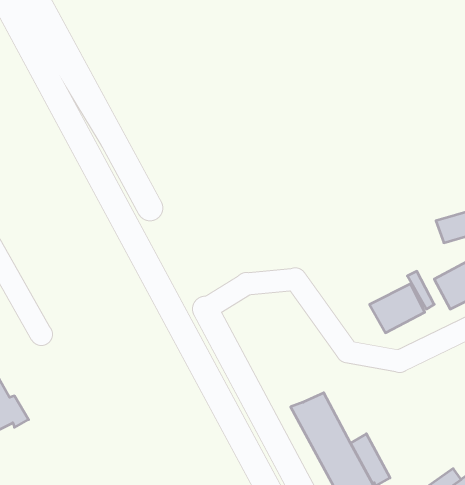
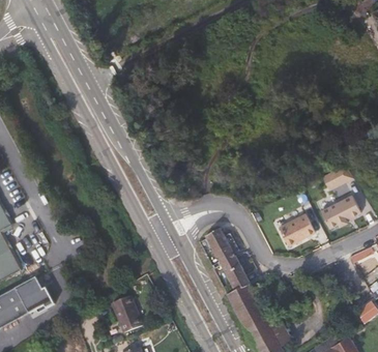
building: none -> [206,228,251,291]
building: none -> [111,295,141,331]

